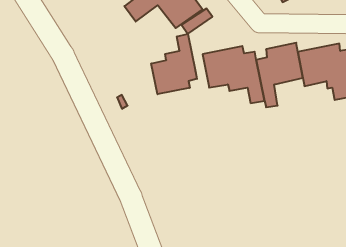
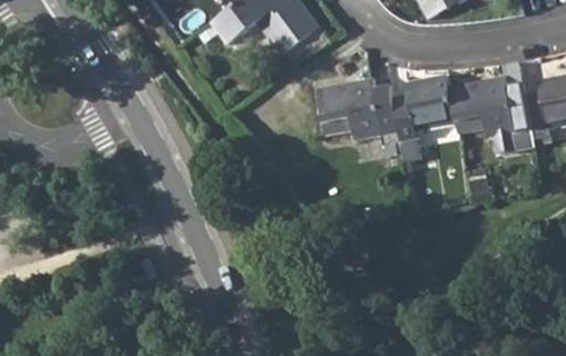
building: [151,34,197,94] -> none

